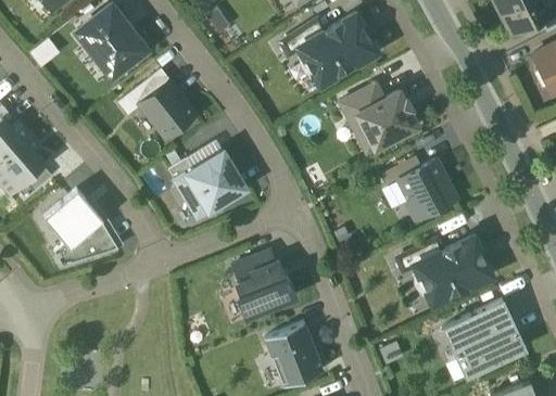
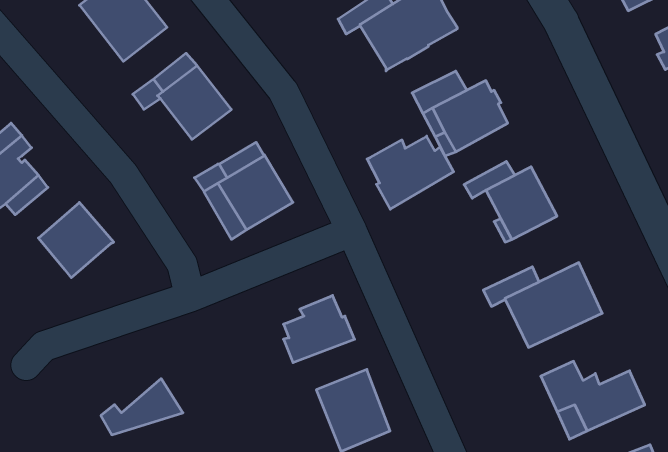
building: none -> [367,136,454,209]
building: [53,222,118,267] -> [101,379,183,435]
building: [233,253,275,285] -> none
building: [468,301,513,334] -> none

